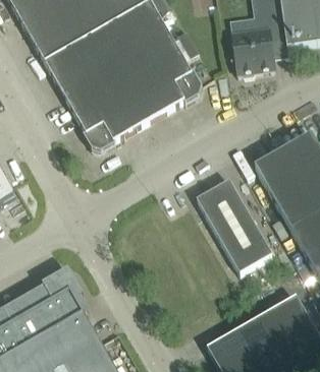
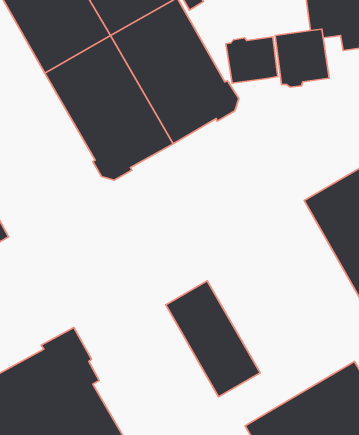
building: none -> [226,37,278,83]
building: [196,177,272,270] -> [166,281,260,397]

